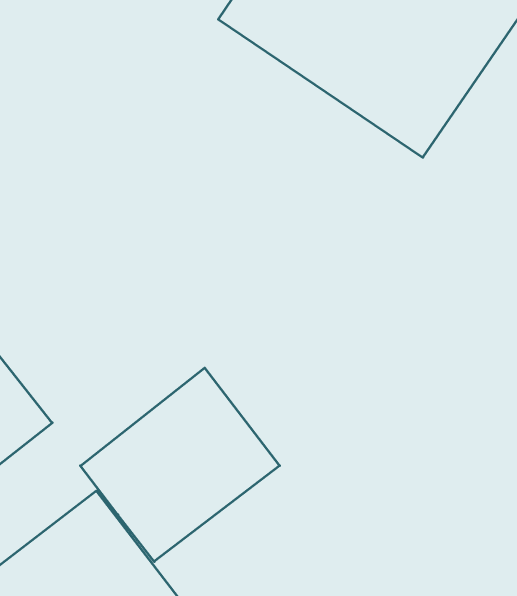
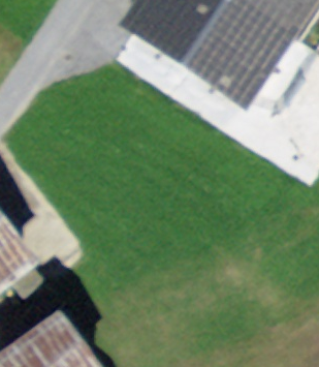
building: [80,368,280,562] -> none

